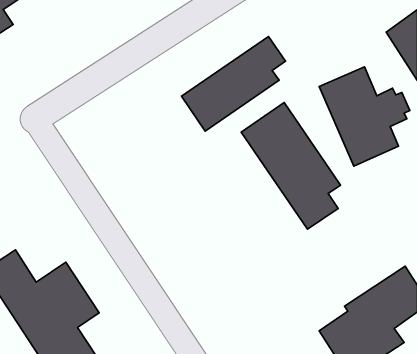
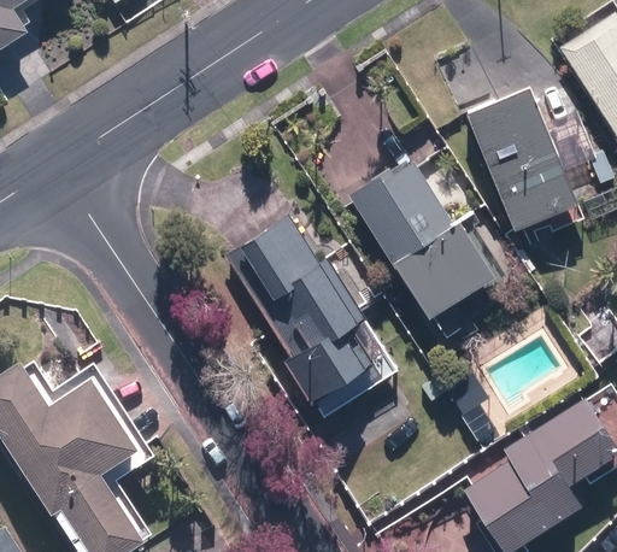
building: [181,37,285,131] -> none
building: none -> [223,217,372,397]

